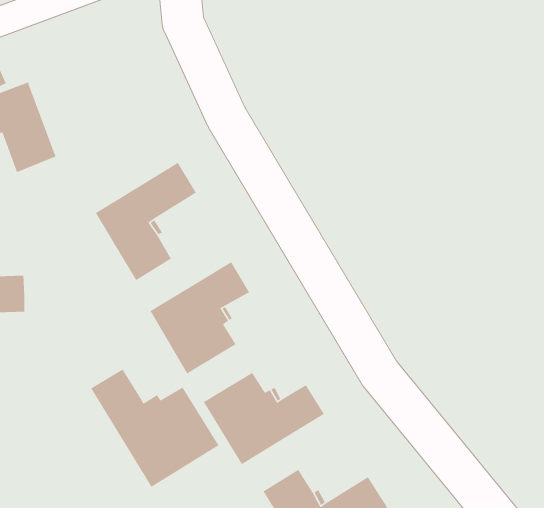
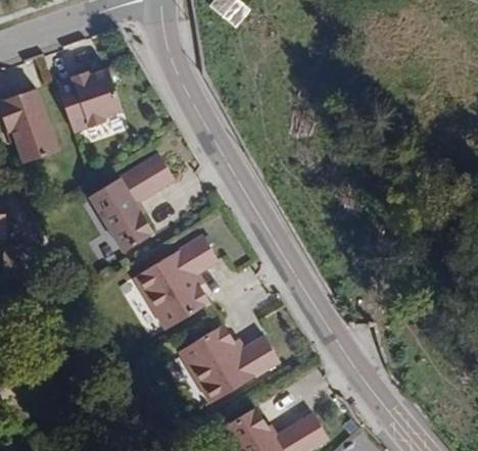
building: none -> [54,68,121,133]
building: [90,368,219,488] -> none

